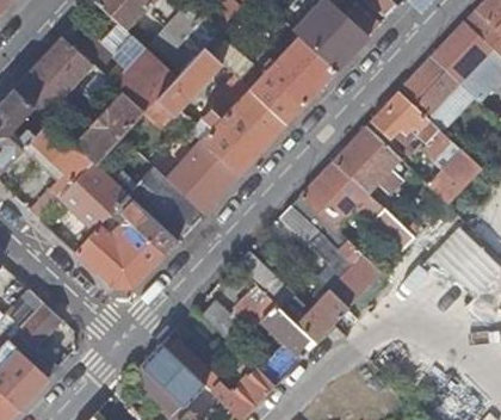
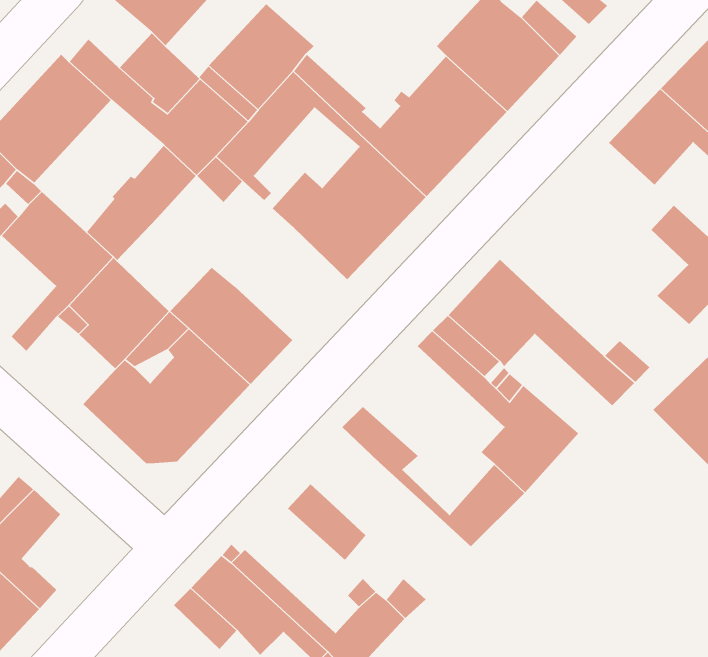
building: [370,92,439,146] -> none
building: [332,128,402,196] -> none
building: [168,144,237,214] -> none
building: [234,289,314,358] -> none

